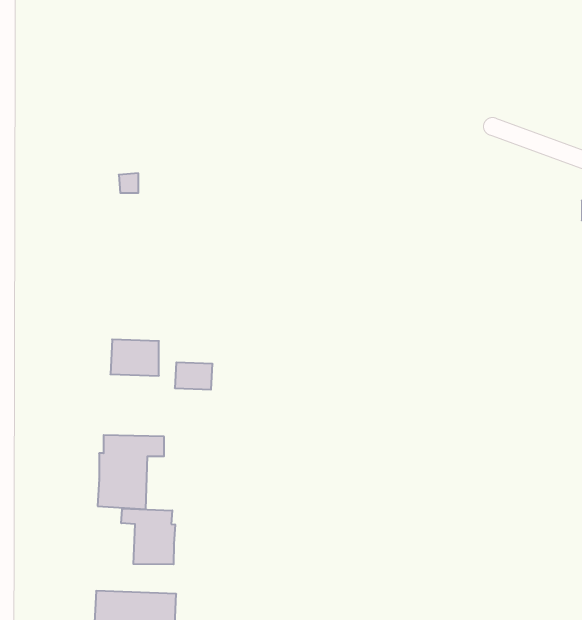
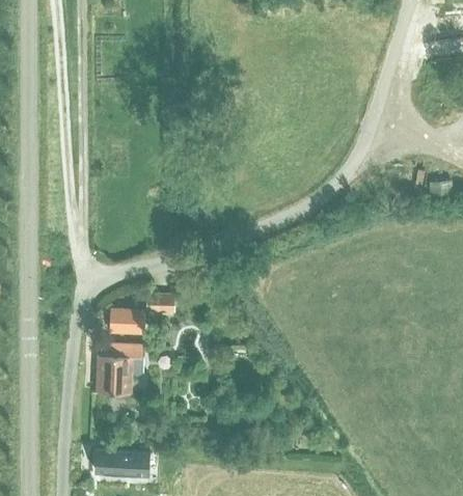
building: [110,339,159,376] -> [110,309,143,334]
building: [121,508,175,564] -> none

